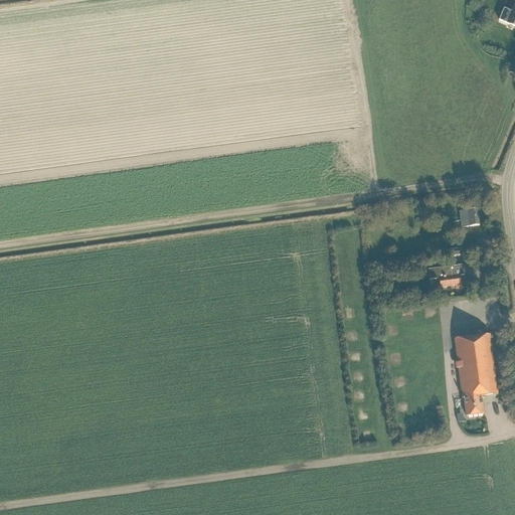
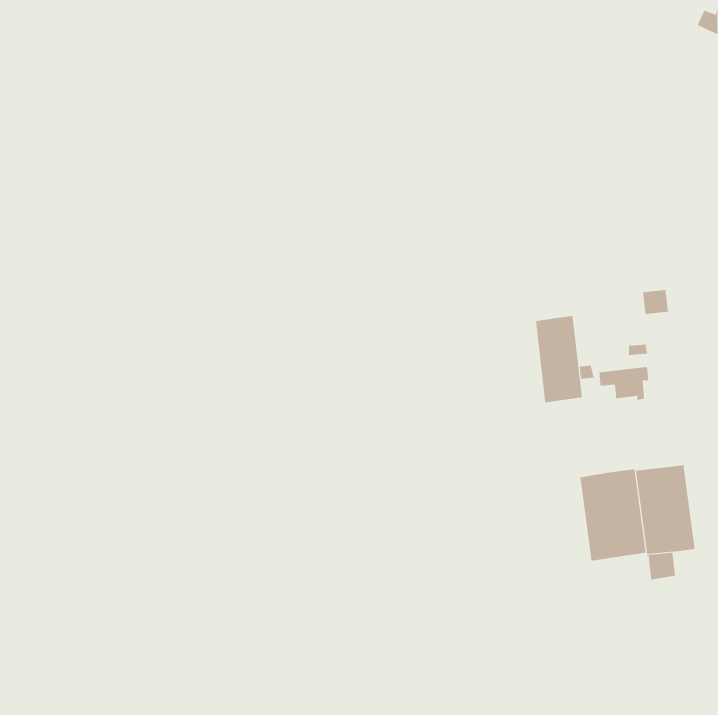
building: none -> [535,315,582,403]
building: none -> [580,468,646,561]

